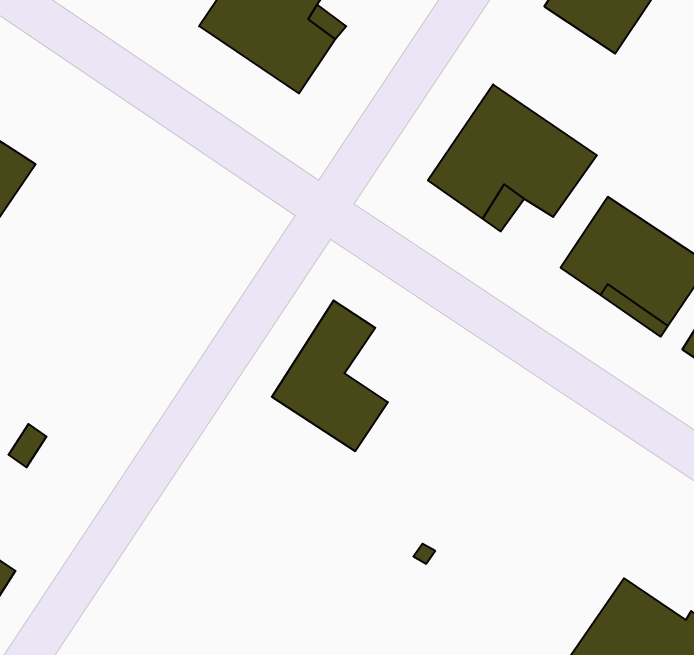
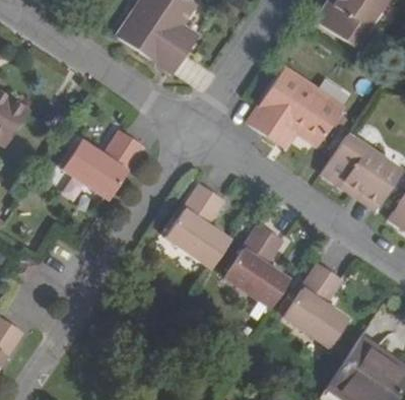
building: none -> [58,133,141,204]
building: none -> [221,224,288,309]
building: none -> [281,263,345,345]

